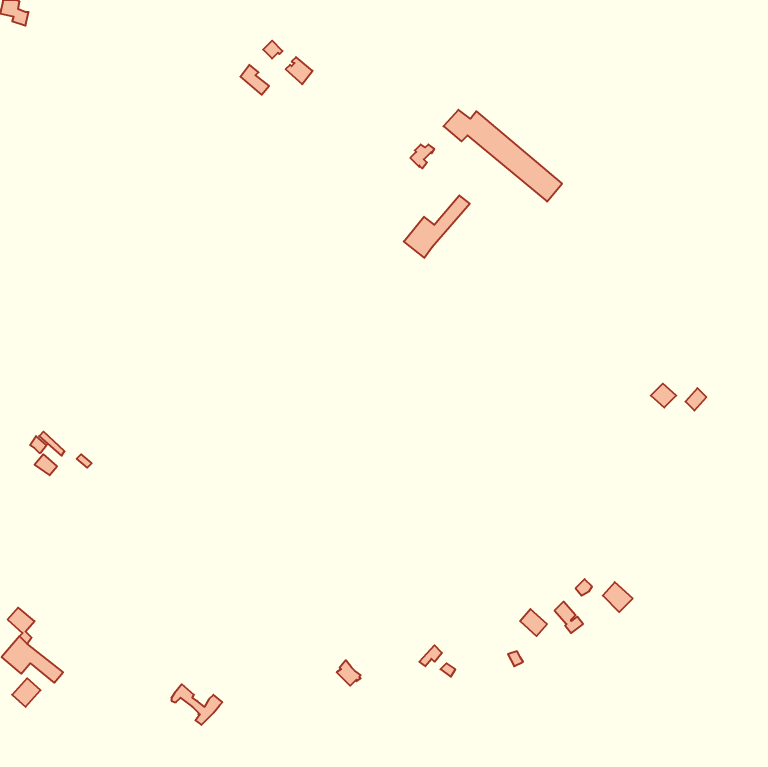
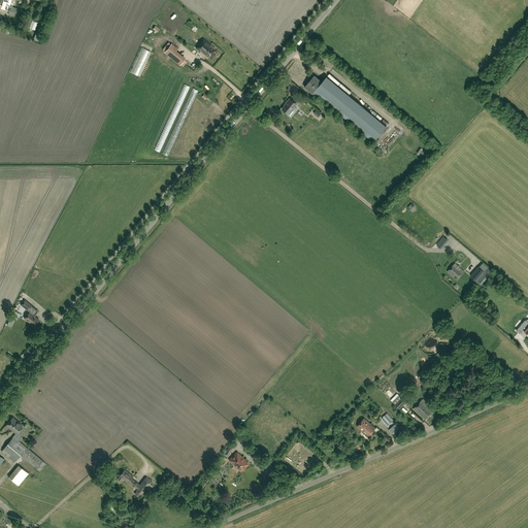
building: [404,195,470,258] -> none

